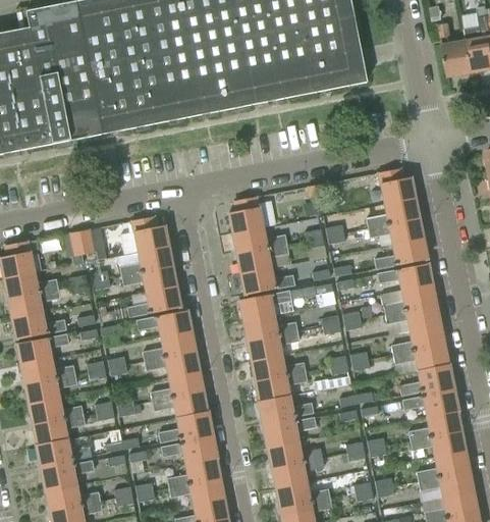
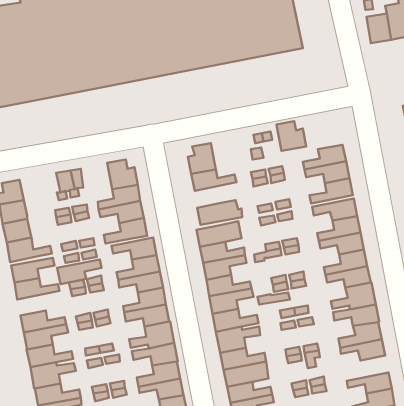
building: [379,168,415,204] -> [276,121,306,151]
building: [237,244,288,274] -> none
building: [24,374,77,404] -> [57,259,101,284]
building: [418,452,470,482] -> none

